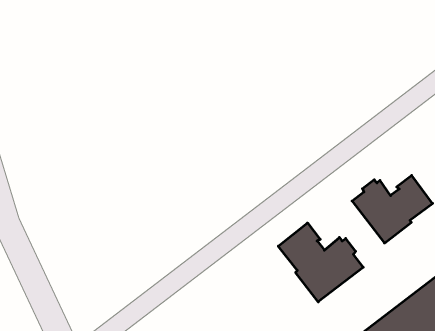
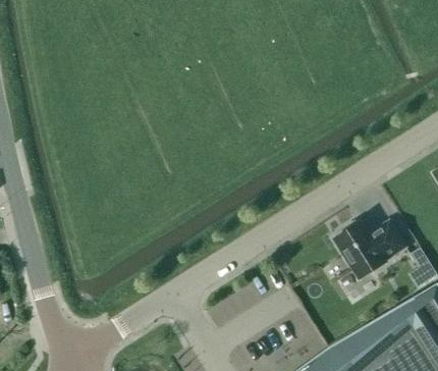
building: [278,223,363,302] -> none

